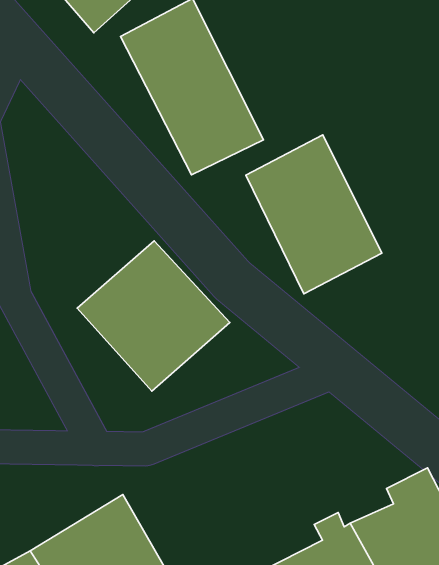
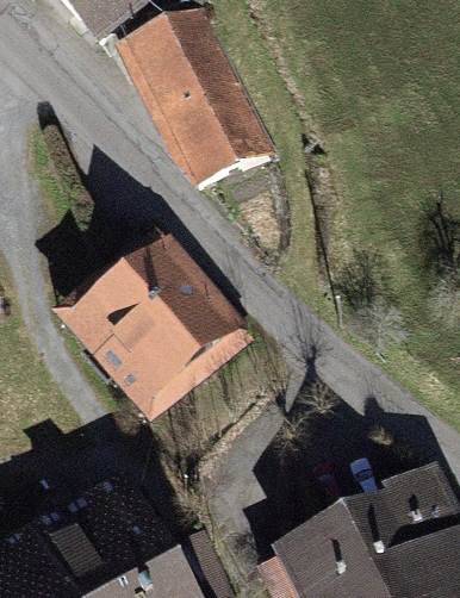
building: [246,135,382,294] -> none

